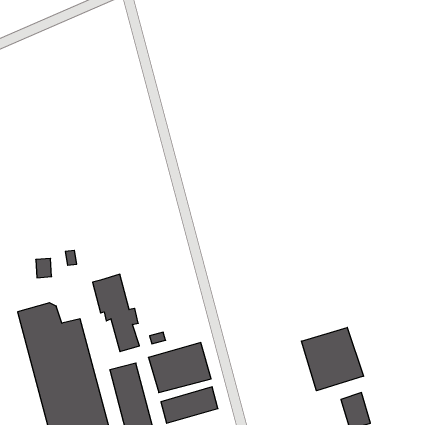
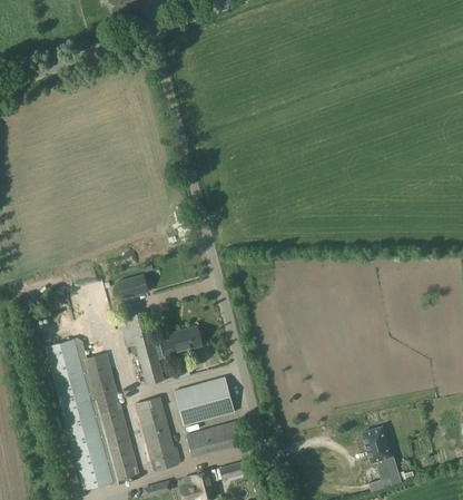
building: none -> [116,272,147,297]
building: none -> [161,326,201,356]
building: [301,327,364,391] -> none

